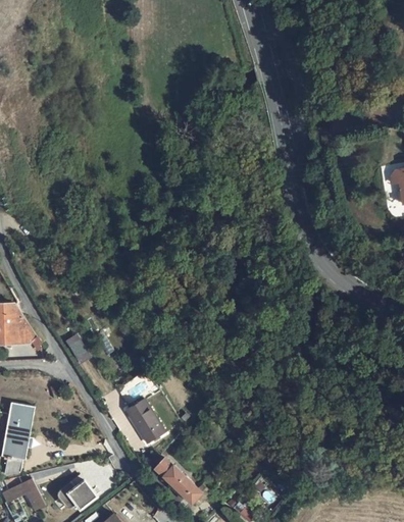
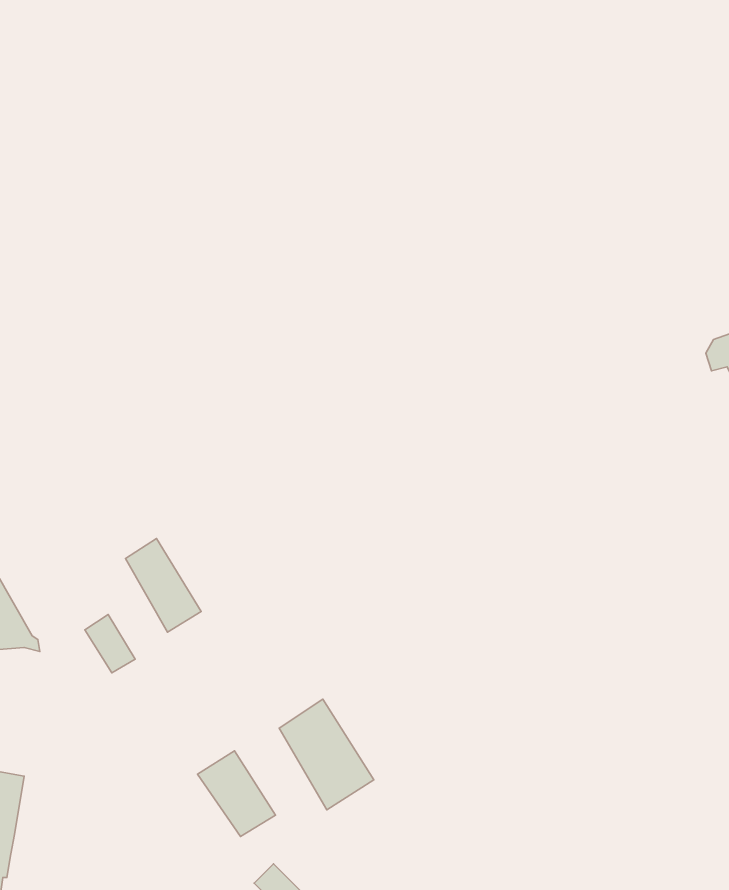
building: none -> [126,538,201,632]
building: none -> [279,699,374,810]

